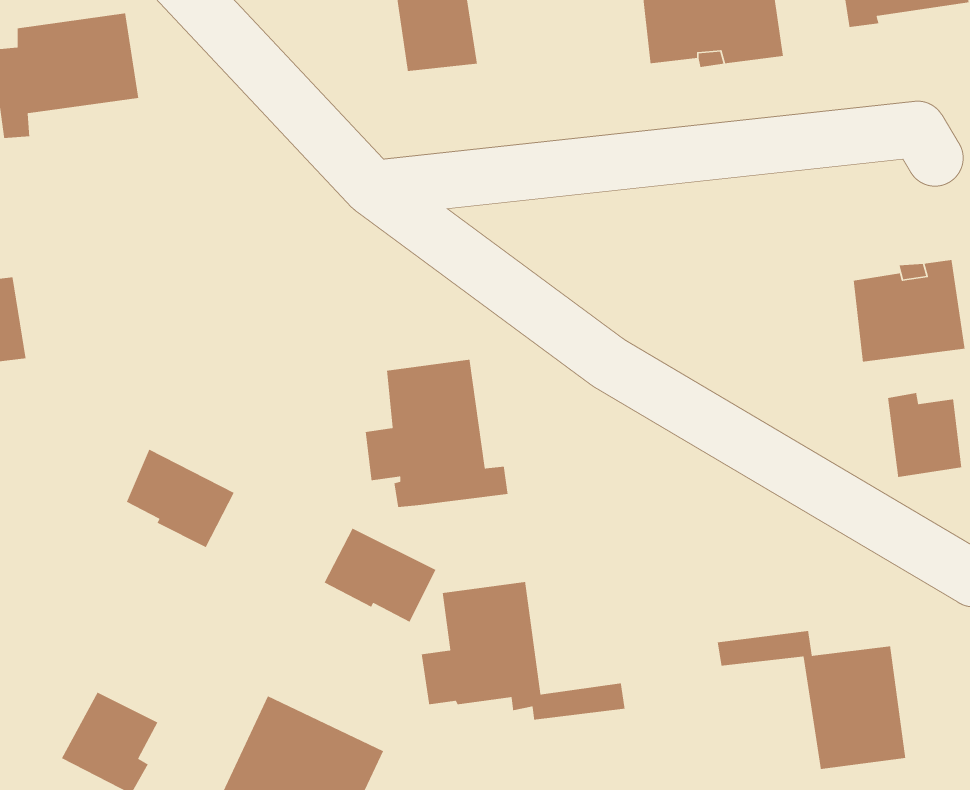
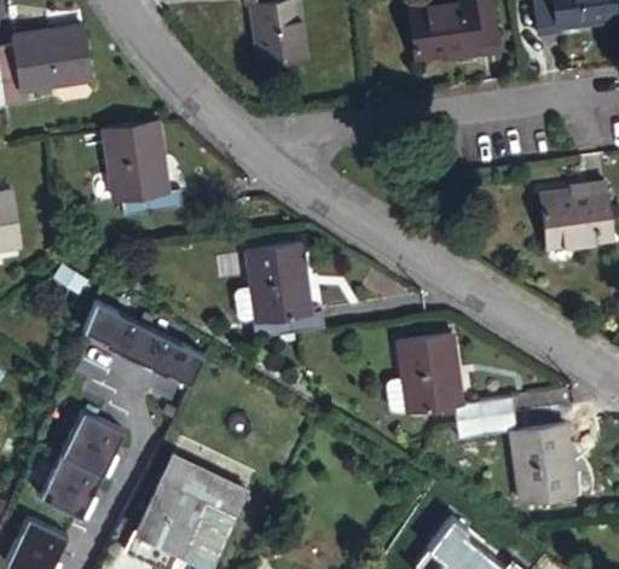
building: none -> [104,120,180,214]
building: [887,392,962,478] -> none
building: [324,527,436,623] -> [133,327,204,388]
building: [421,581,625,721] -> [384,333,514,422]
building: none -> [64,410,125,476]

